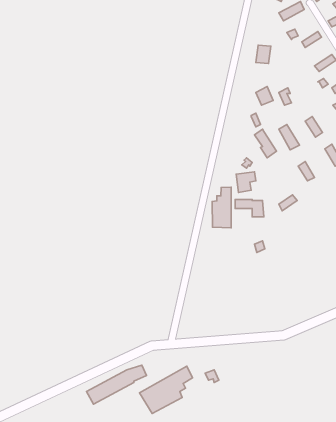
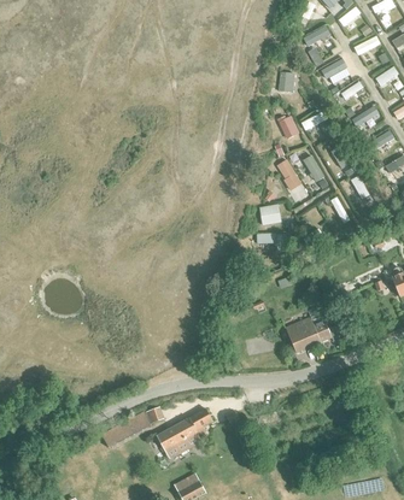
building: [212,187,231,228] -> none
building: none -> [286,317,339,352]

